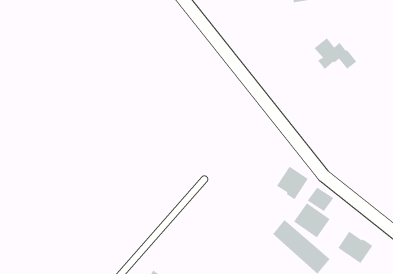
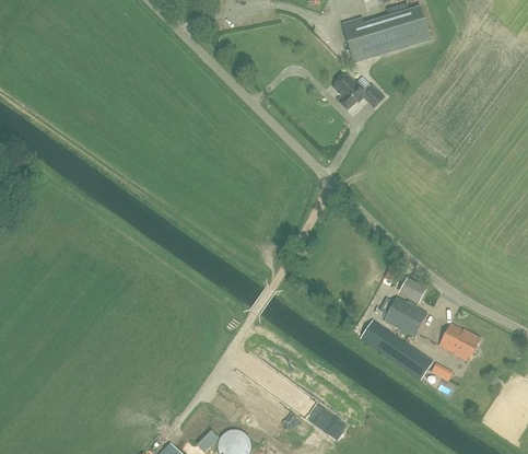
building: [314,38,357,70] -> [332,72,385,110]
building: [276,166,309,200] -> none

